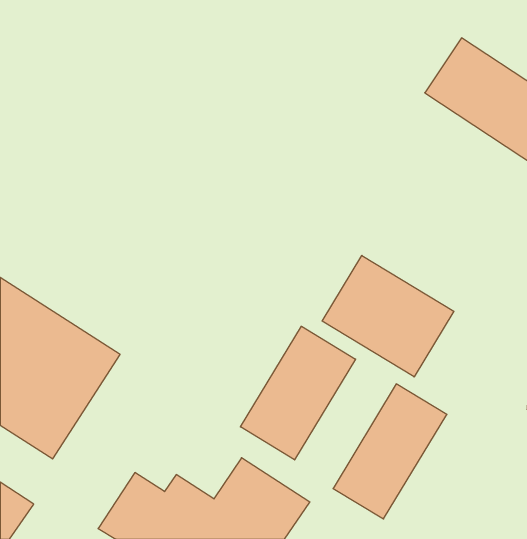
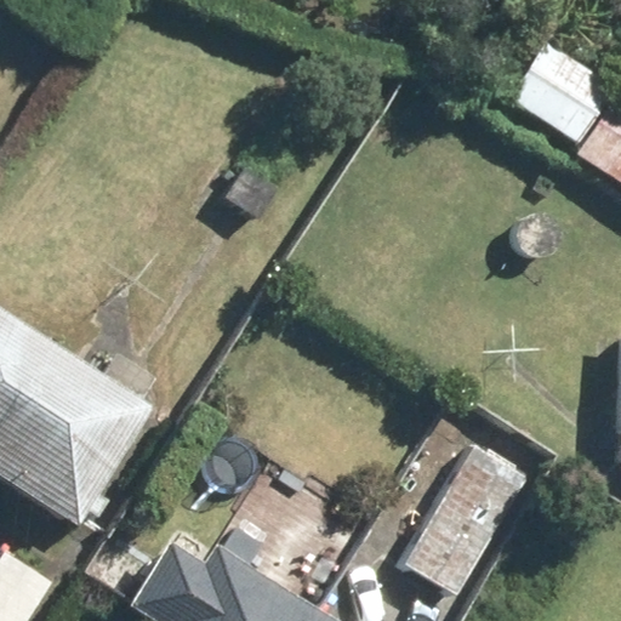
building: [322,255,454,377] -> none
building: [240,326,356,460] -> none

